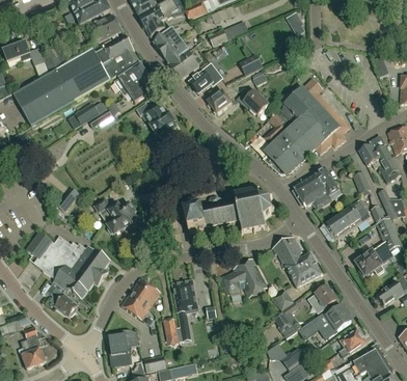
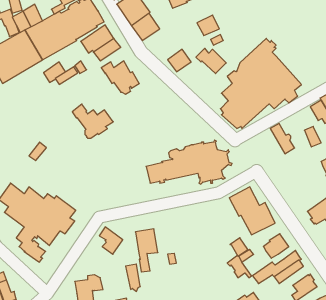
building: [190,64,222,94] -> none
building: [294,174,332,211] -> none
building: [94,198,138,235] -> [72,104,113,138]
building: [326,201,372,240] -> none
building: [220,258,269,298] -> none
building: [123,289,150,320] -> none

